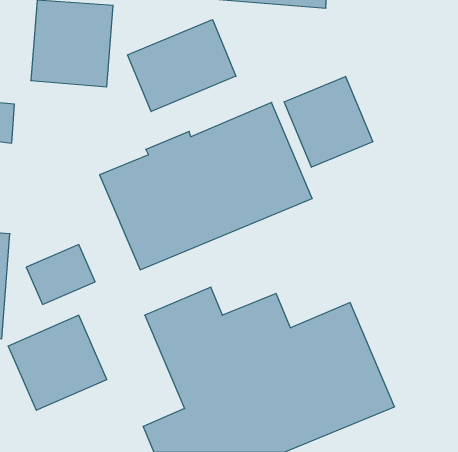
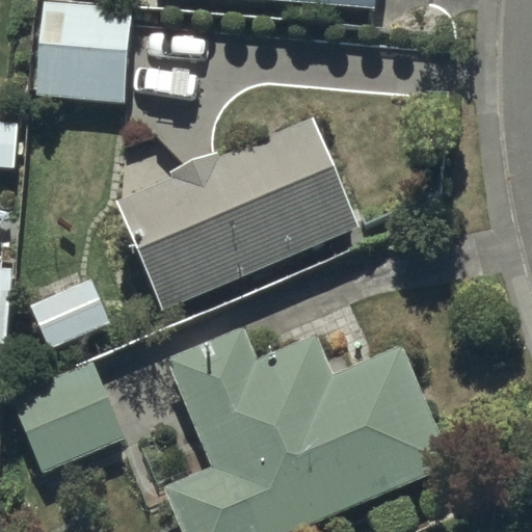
building: [128,20,236,112] -> none
building: [284,76,373,167] -> none

